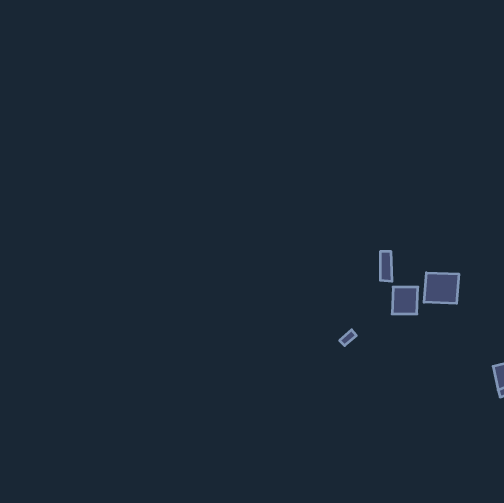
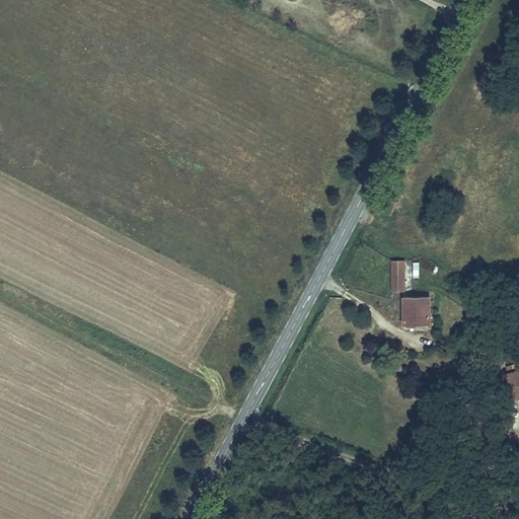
building: [424,273,459,303] -> none

